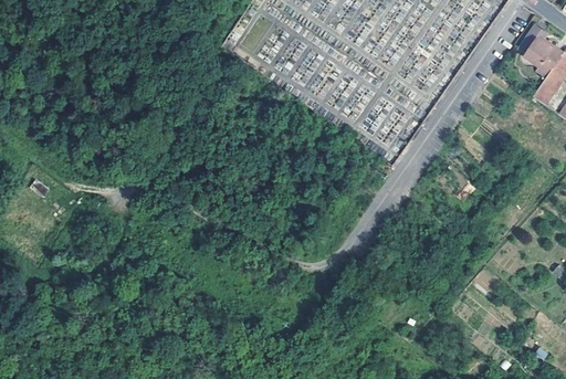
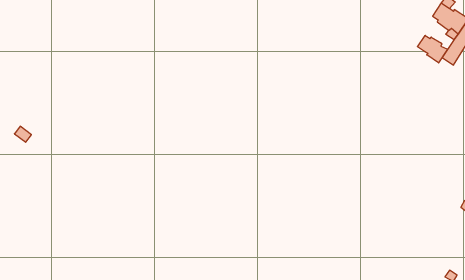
building: none -> [417,35,447,63]

